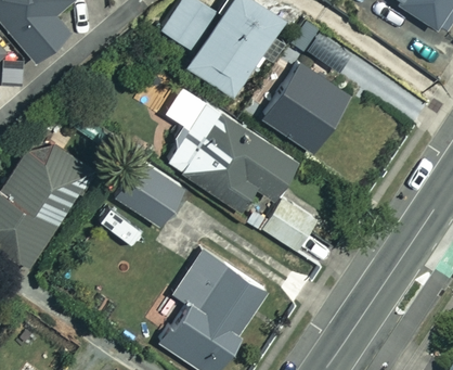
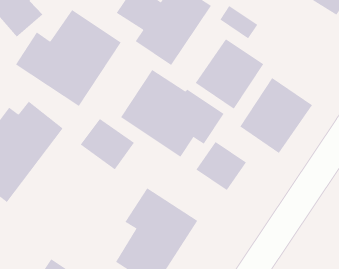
building: none -> [15,9,122,107]
building: none -> [239,77,313,154]

